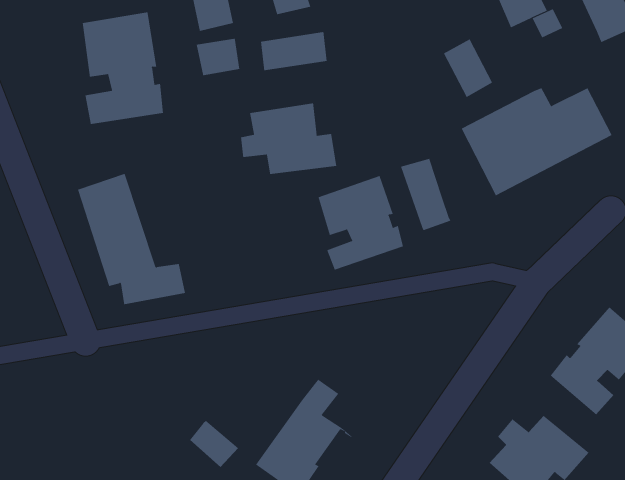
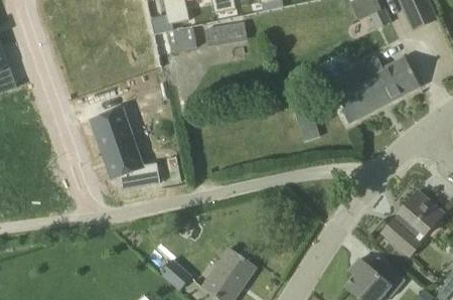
building: [82,11,163,125] -> none
building: [443,38,493,98] -> none
building: [240,103,337,175] -> none
building: [318,175,404,270] -> none

